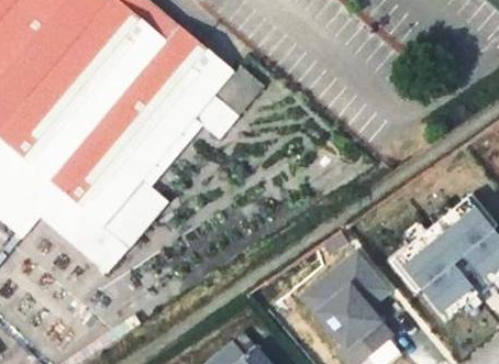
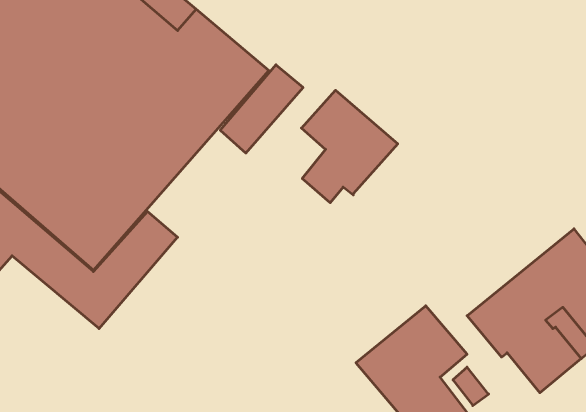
building: none -> [301,90,398,203]

